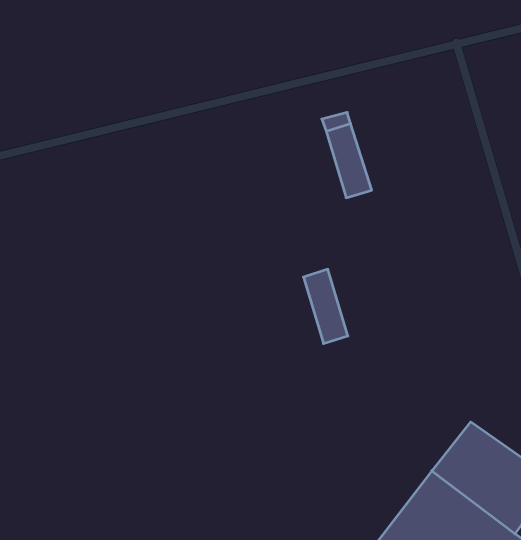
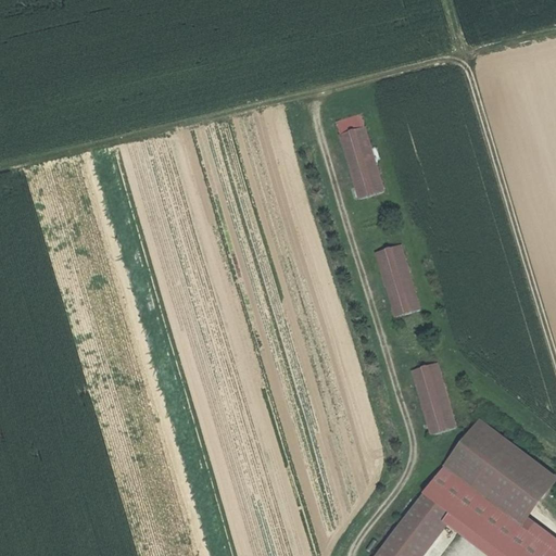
building: [303,269,348,344] -> [375,244,418,317]
building: none -> [410,363,455,434]

